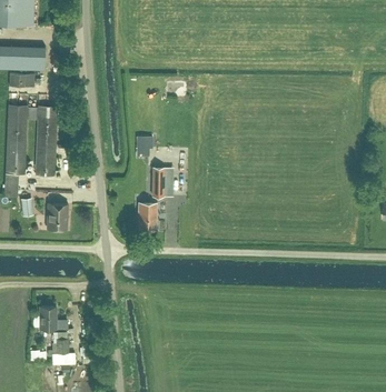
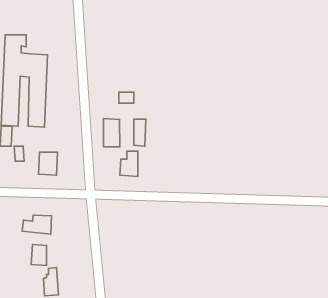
building: [10,47,44,70] -> none
building: none -> [104,118,120,147]
building: none -> [22,215,52,234]

